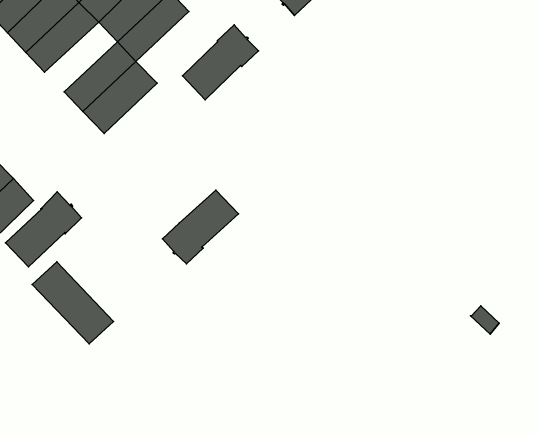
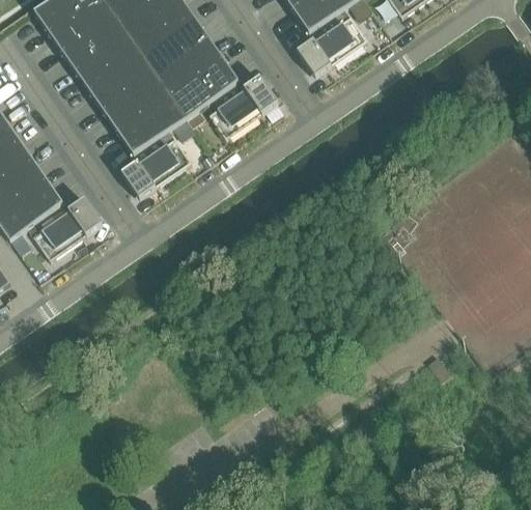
building: none -> [169,57,236,115]
building: none -> [88,54,156,110]
building: [162,190,239,264] -> [120,136,190,196]
building: [32,262,114,344] -> none

